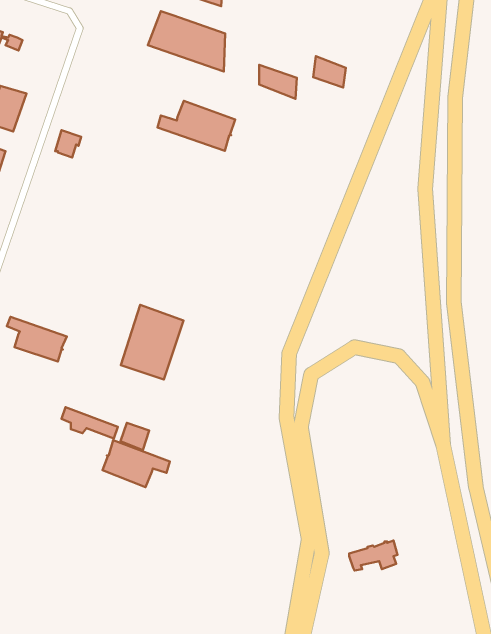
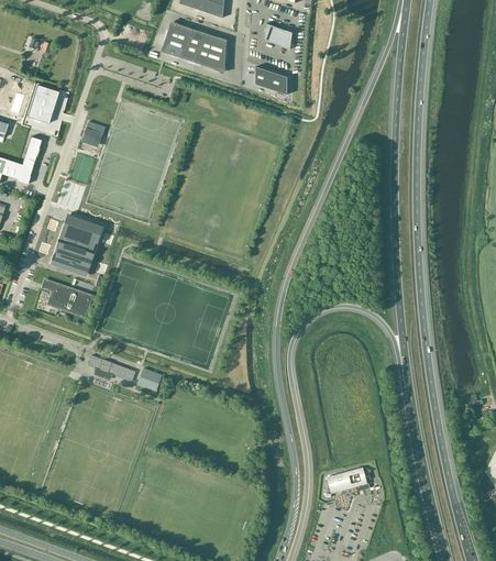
building: [313,56,346,88] -> [264,23,291,50]
building: [157,101,235,151] -> none
building: [121,305,183,379] -> [51,213,103,276]
building: [103,440,170,487] -> none

